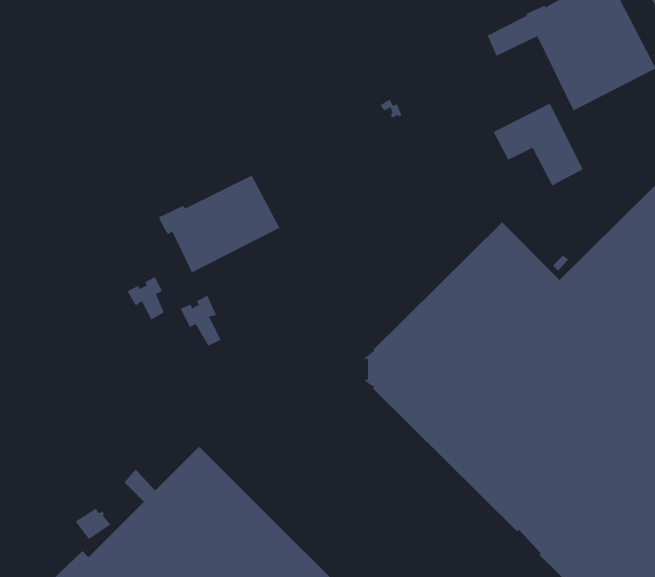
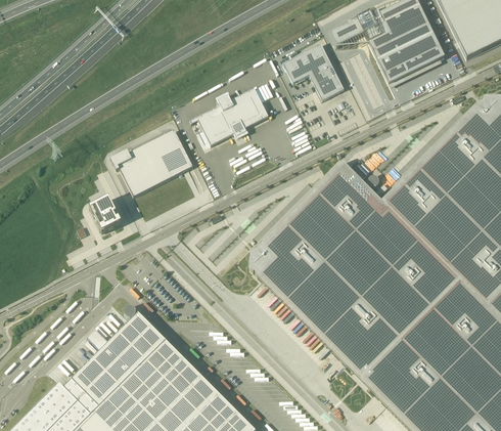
building: [493,103,584,186] -> [284,44,346,100]
building: none -> [198,88,270,145]
building: [180,295,222,346] -> none

